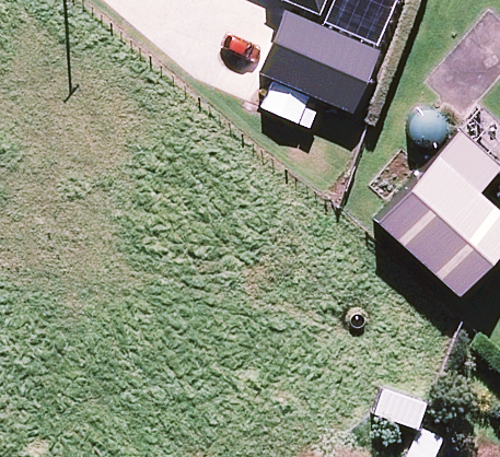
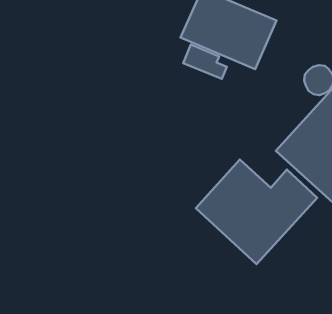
building: none -> [196,160,317,264]

